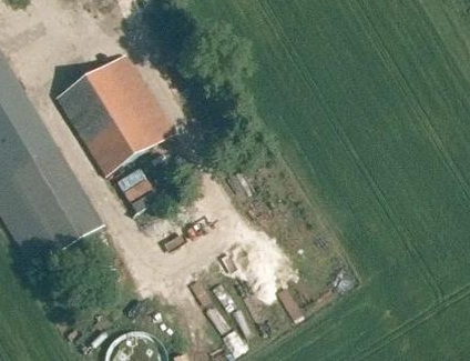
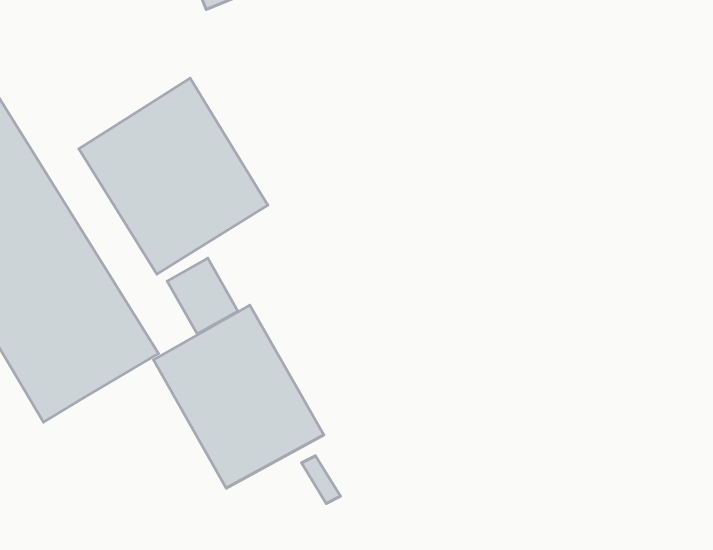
building: none -> [154,305,324,488]

